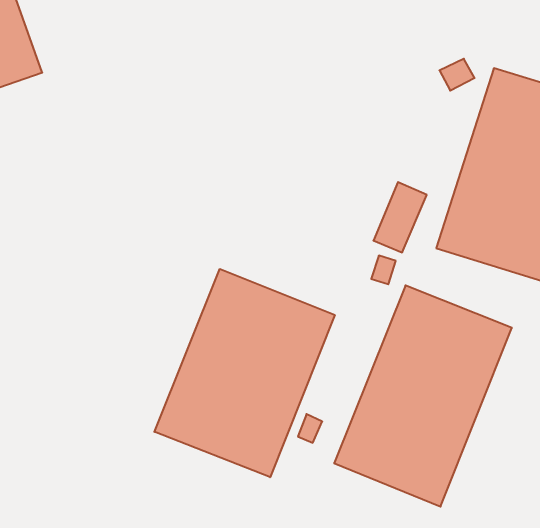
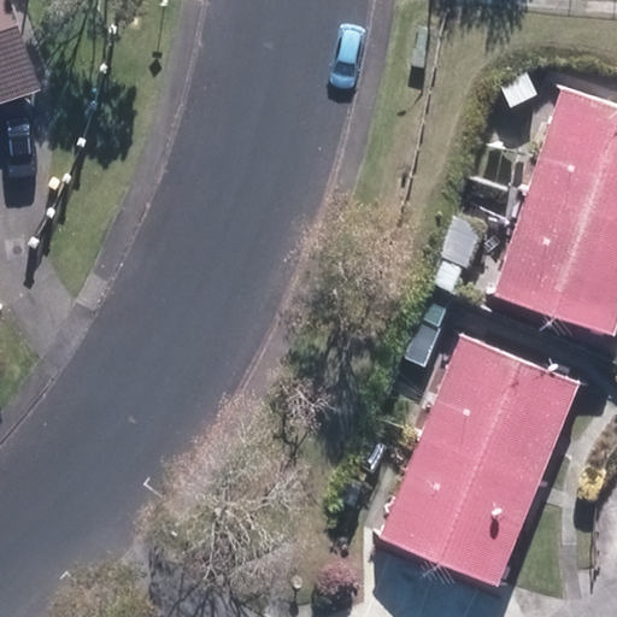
building: [154,269,335,477] -> none

